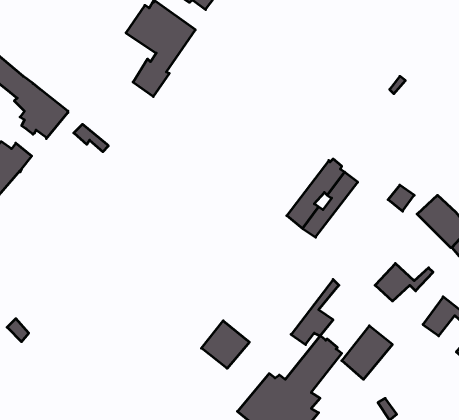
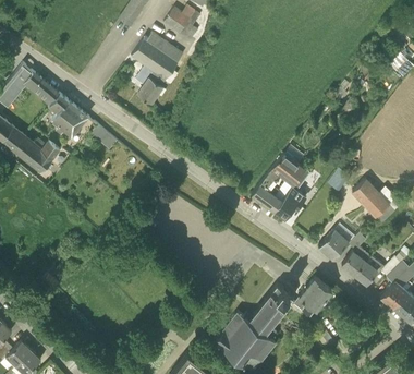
building: none -> [341,237,369,276]
building: [291,279,339,345] -> [273,169,309,218]
building: [201,321,249,368] -> none

